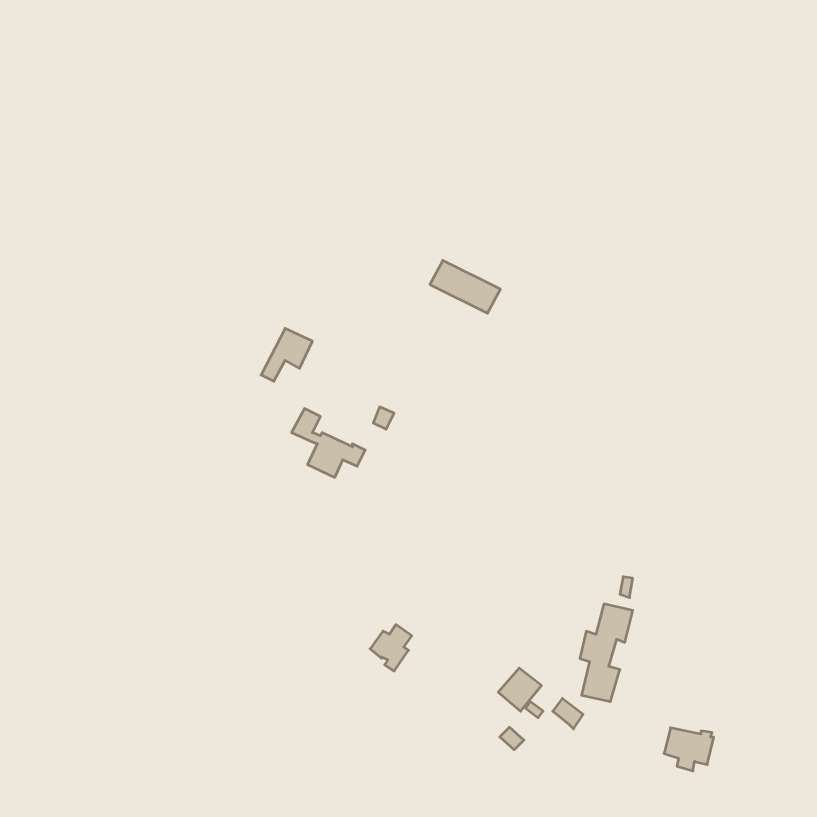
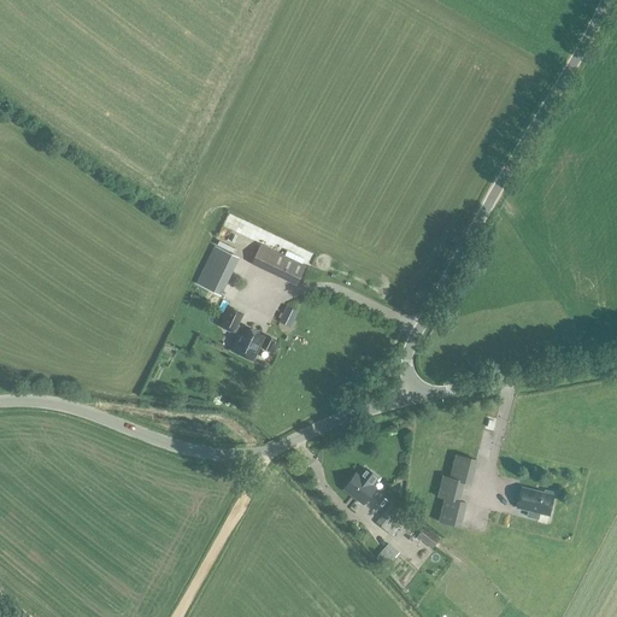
building: [430,260,500,313] -> [251,243,304,283]
building: [370,625,412,671] -> [345,468,376,503]
building: [664,728,714,771] -> [517,487,554,519]

